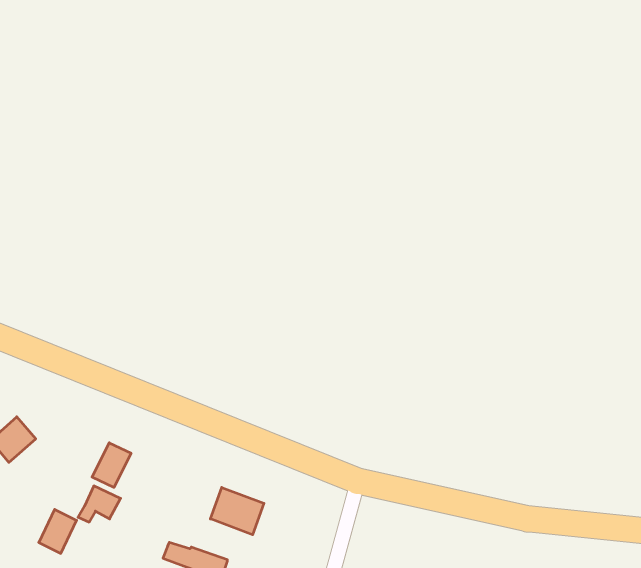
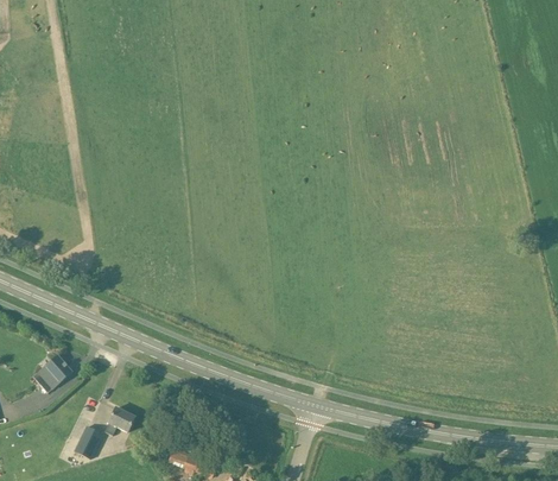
building: [92,443,131,487] -> none
building: [210,487,264,535] -> none

